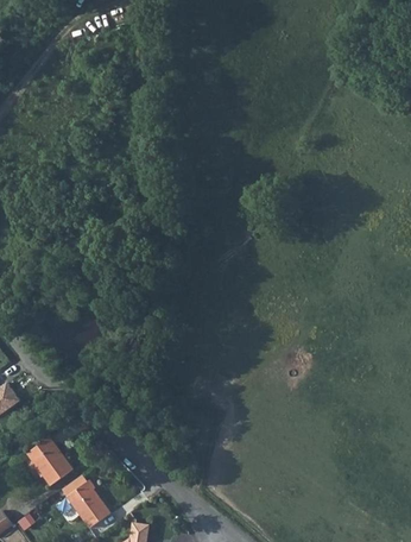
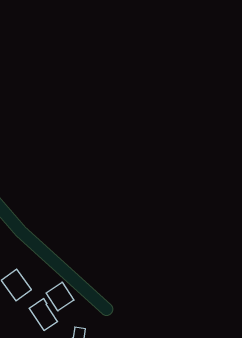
building: none -> [46,282,74,311]

